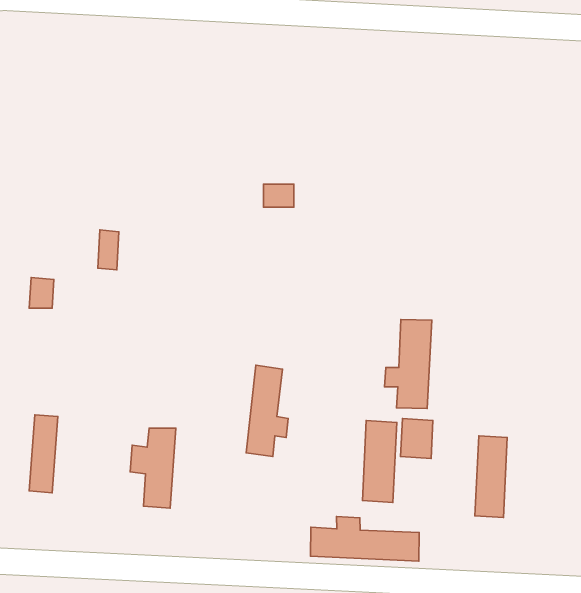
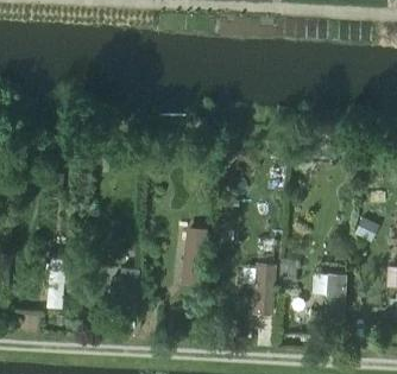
building: [385,320,432,408] -> none
building: [311,517,419,561] -> none

